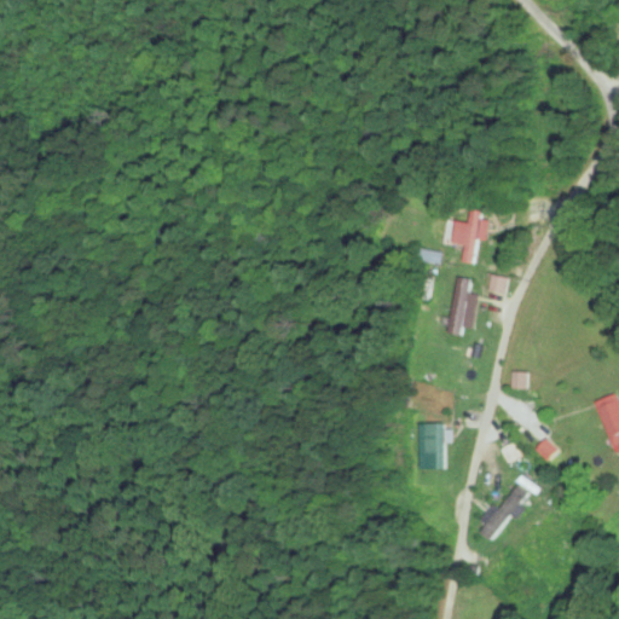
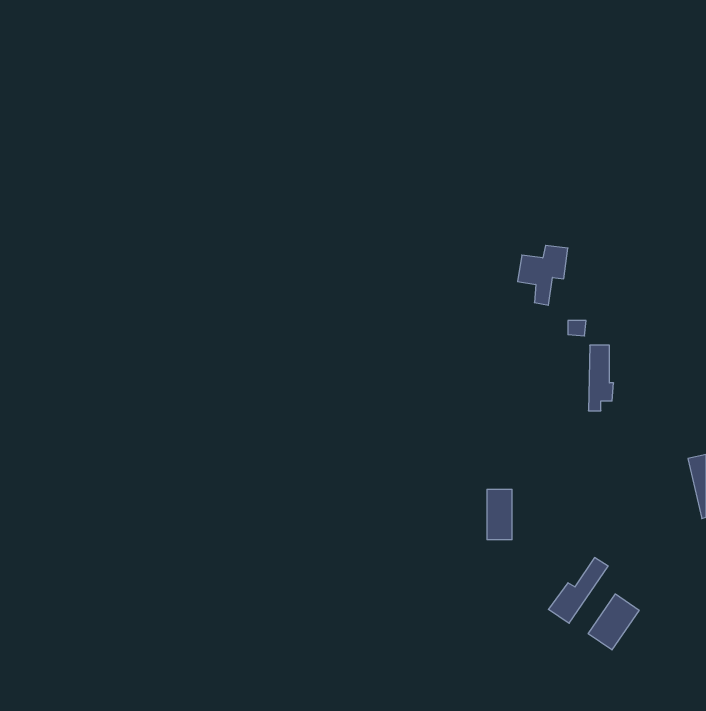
building: [452,278,474,335] -> [588,345,614,411]
building: none -> [588,594,639,650]

